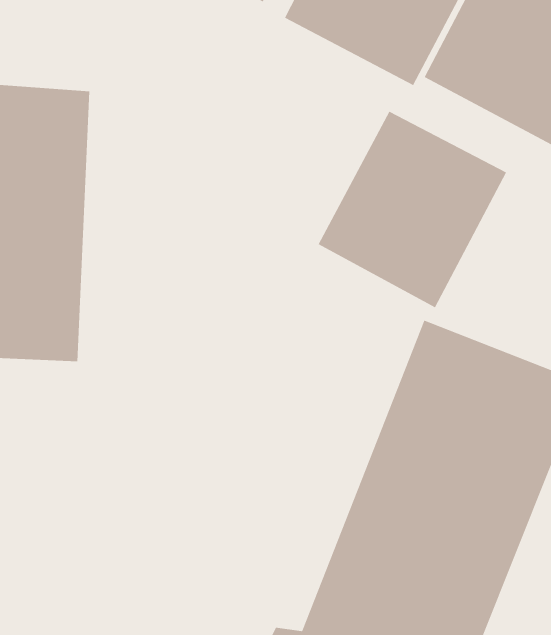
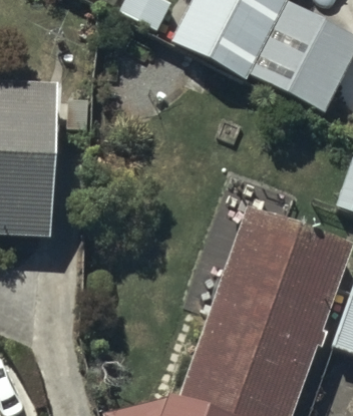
building: [318,111,507,308] -> none

